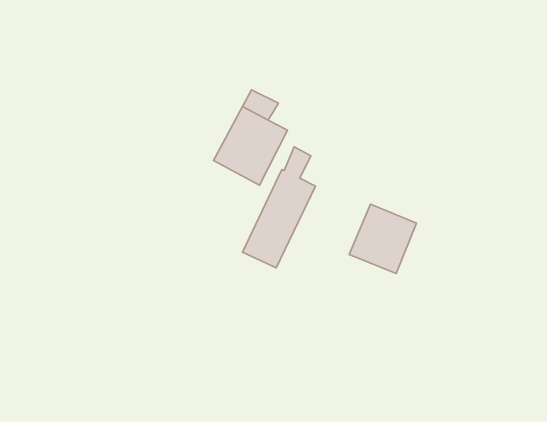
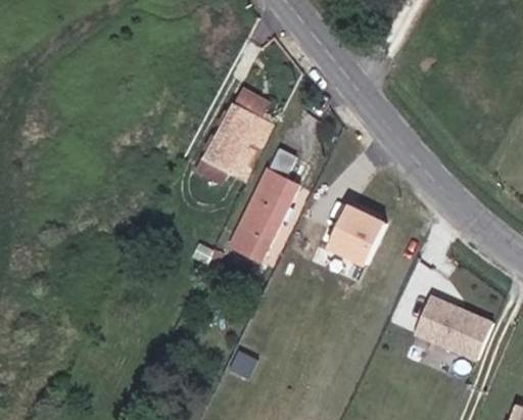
building: none -> [411,294,492,363]

